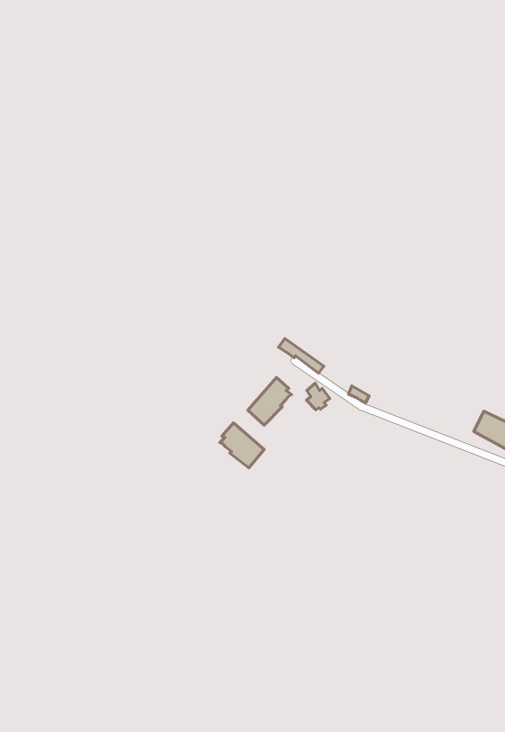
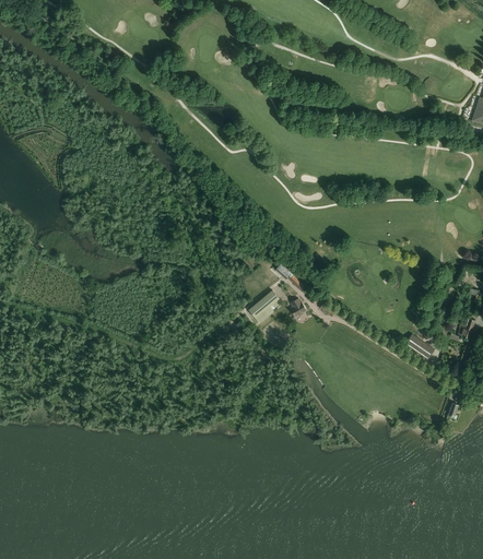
building: [220,423,264,468] -> none

